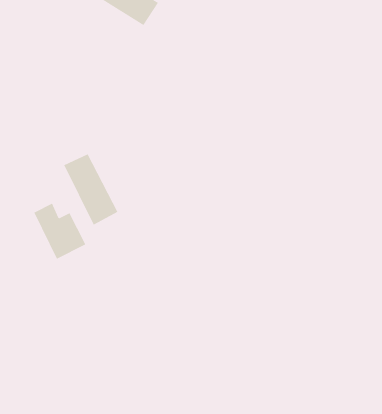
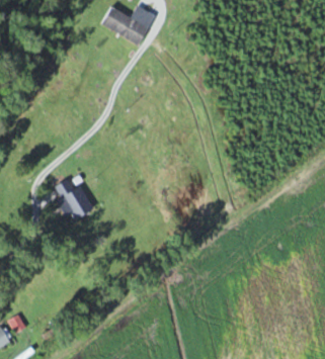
building: [63,153,118,225] -> none

